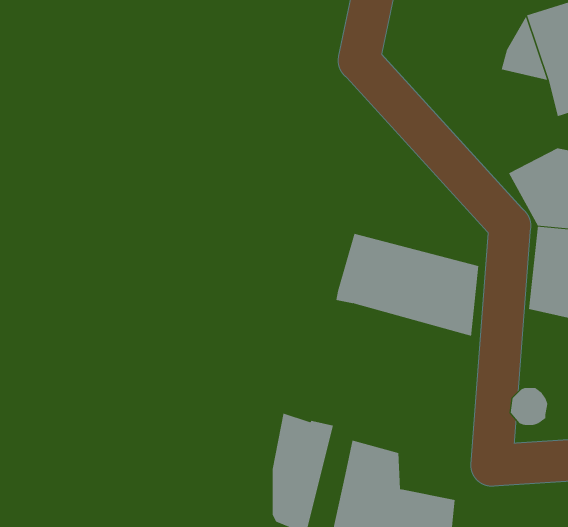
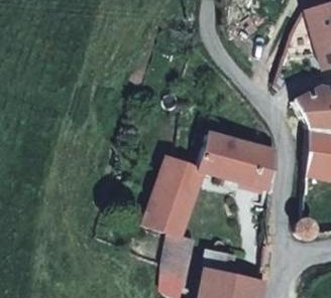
building: none -> [141,155,207,238]

